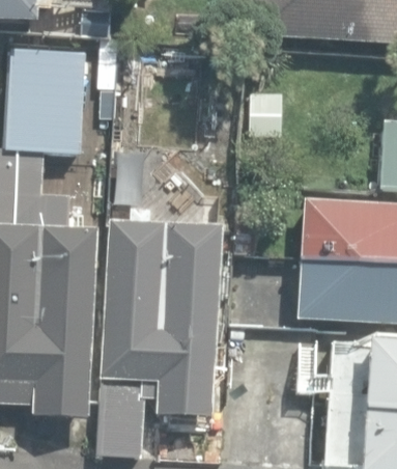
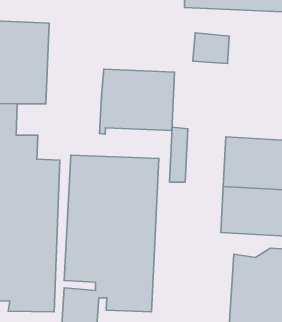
building: none -> [99,69,174,134]

